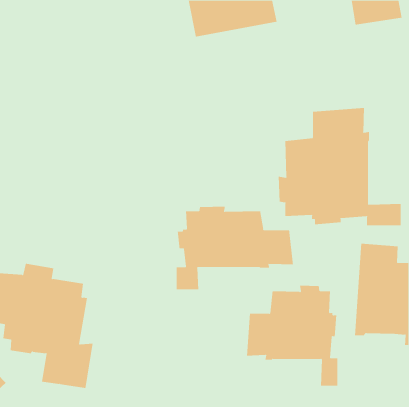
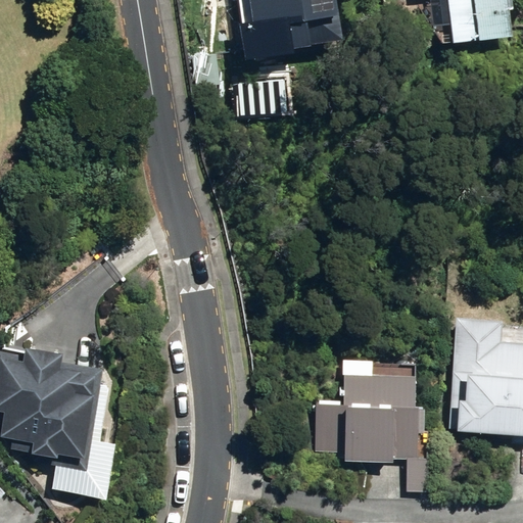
building: [278,107,401,226] -> none
building: [176,206,294,290] -> none

